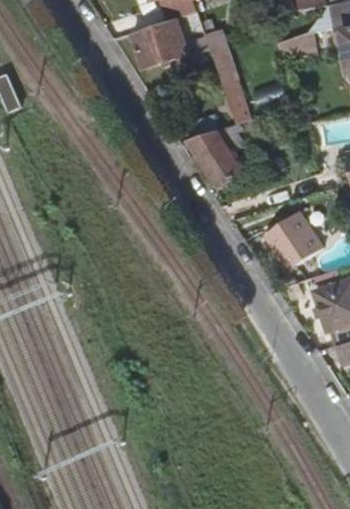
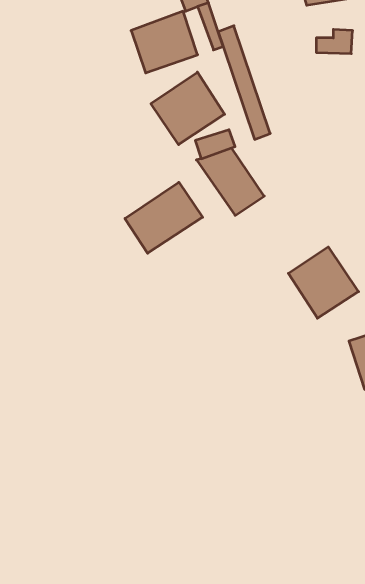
building: none -> [151,72,225,145]
building: none -> [125,182,203,253]

